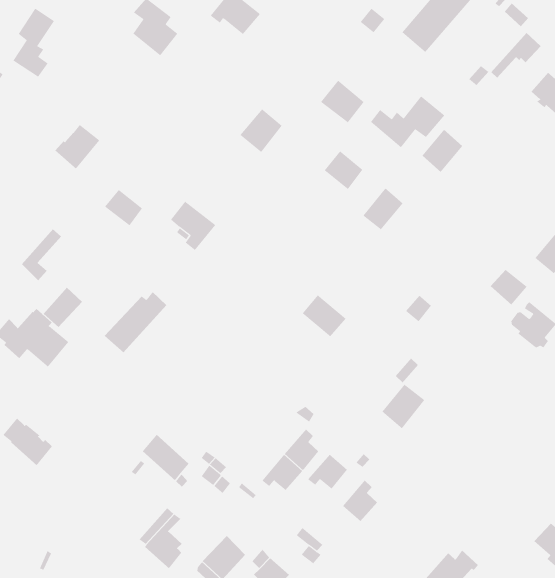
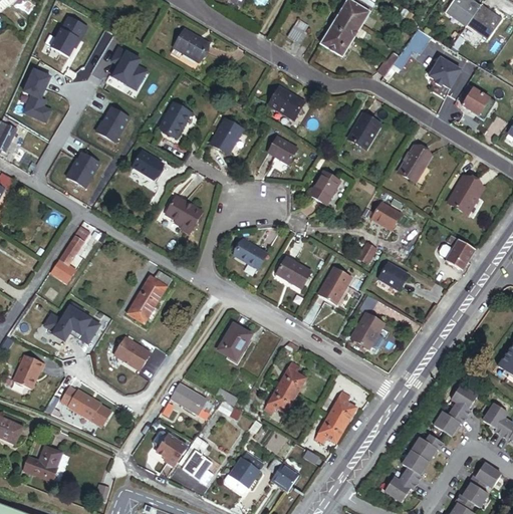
building: none -> [96,107,130,143]
building: none -> [159,101,191,137]
building: [370,95,445,148] -> none
building: none -> [399,144,433,181]
building: [104,189,143,226] -> [133,151,163,178]
building: none -> [234,236,268,266]
building: [490,269,527,305] -> [371,202,401,229]
building: [43,287,83,328] -> none
building: none -> [316,268,350,305]
building: none -> [377,263,406,289]
building: none -> [112,334,152,370]
building: none -> [218,323,253,360]
building: [307,454,348,490] -> [316,415,346,442]
building: none -> [433,382,478,436]
building: none -> [156,434,187,466]

